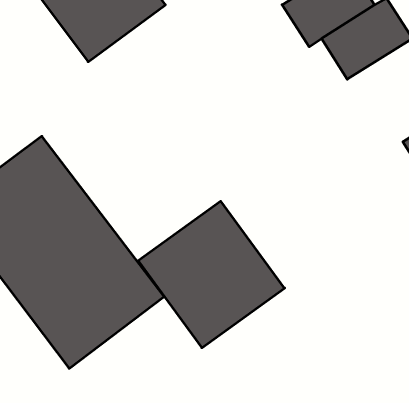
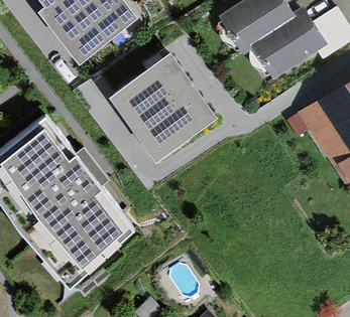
building: [138,201,285,348] -> [105,56,214,165]

